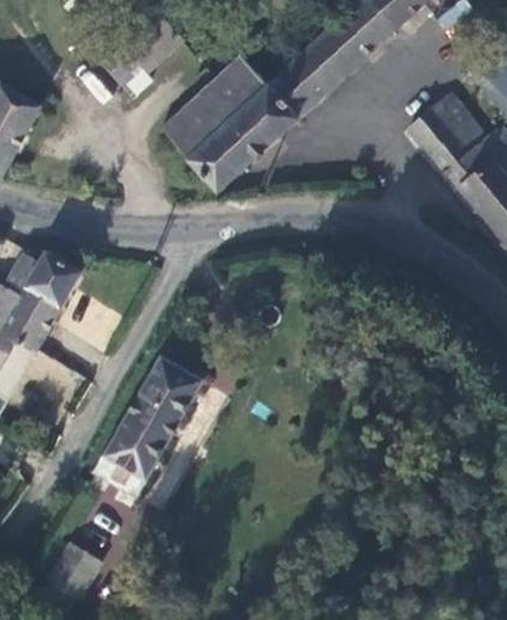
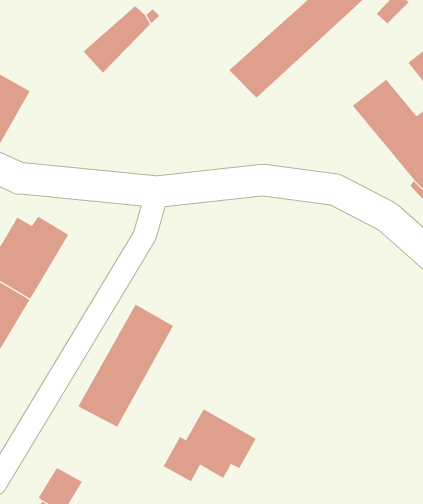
building: [160,53,301,191] -> none
building: none -> [163,409,256,482]

